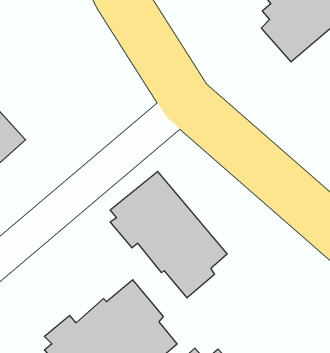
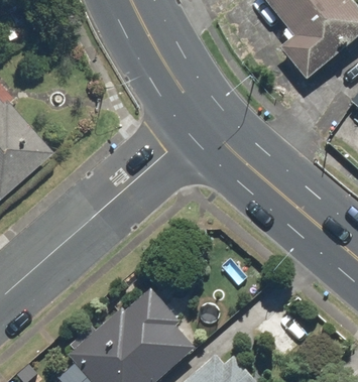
building: [110,171,227,298] -> none

